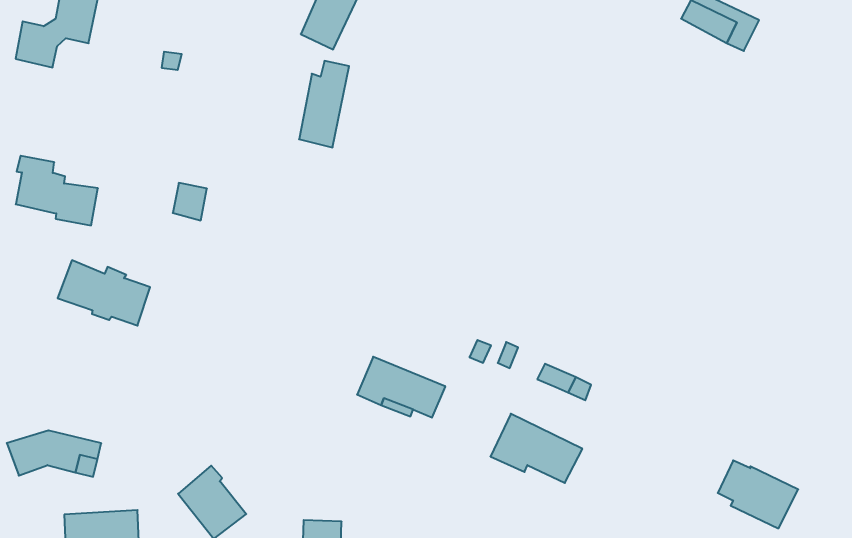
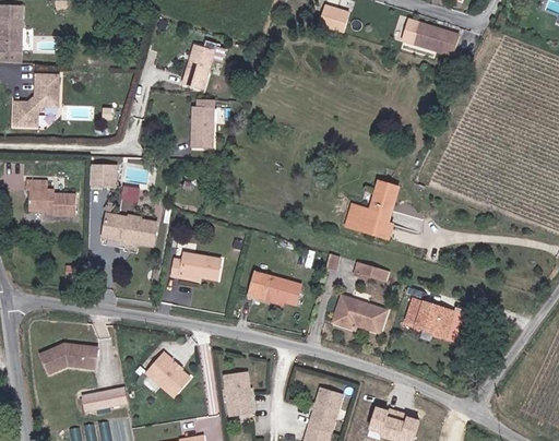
building: none -> [90,166,116,186]
building: none -> [344,182,397,236]
building: [58,260,150,326] -> [102,213,156,247]
building: none -> [170,253,219,281]
building: [718,460,798,528] -> [405,300,453,337]

